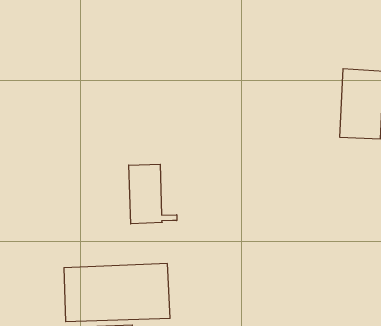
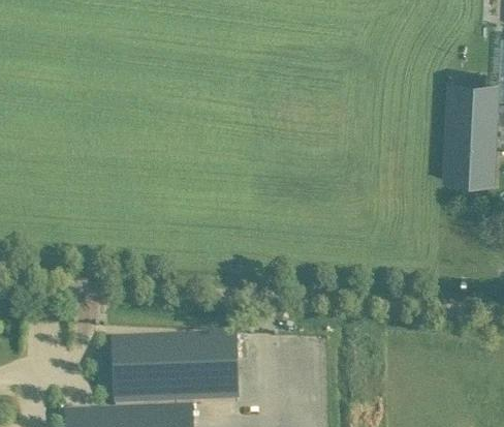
building: [129,164,177,224] -> none

